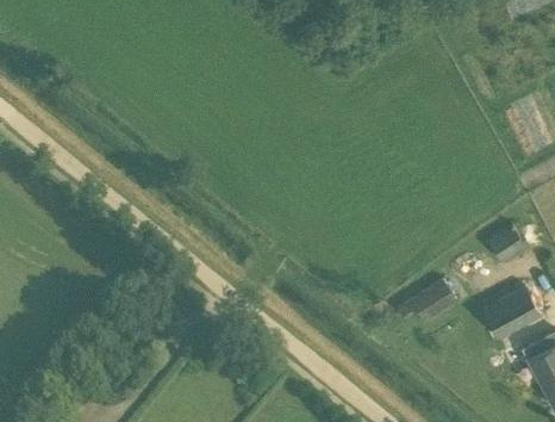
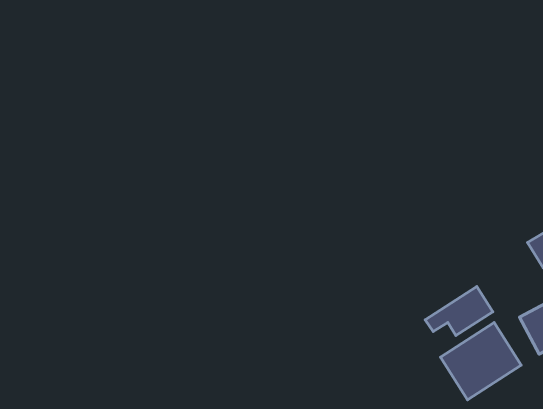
building: none -> [440,323,521,400]

